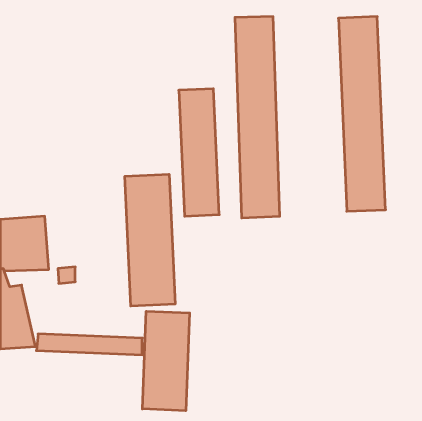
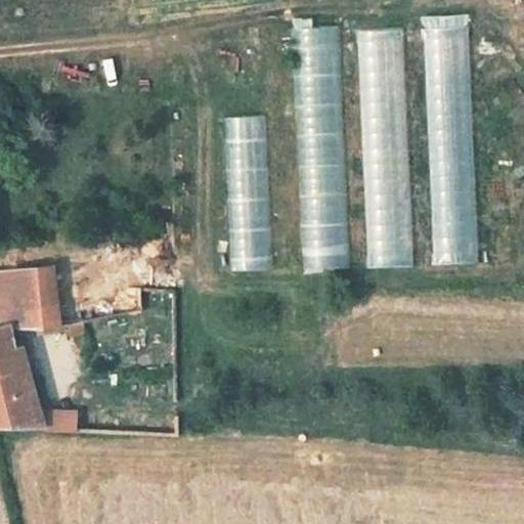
building: none -> [355,25,412,263]
building: [125,174,175,306] -> none
building: [142,311,190,411] -> none

